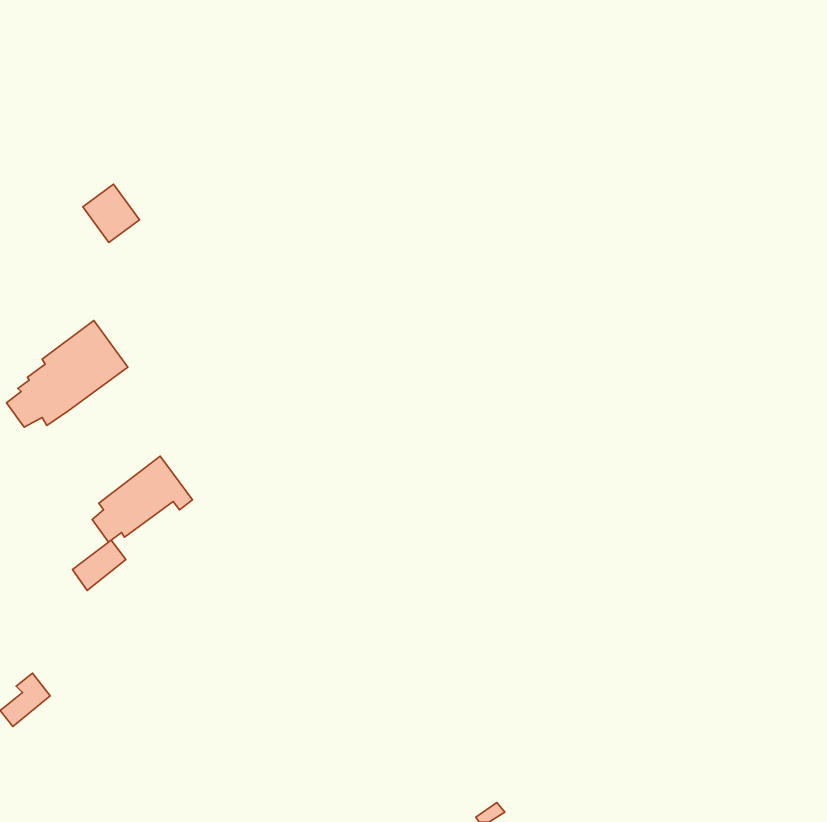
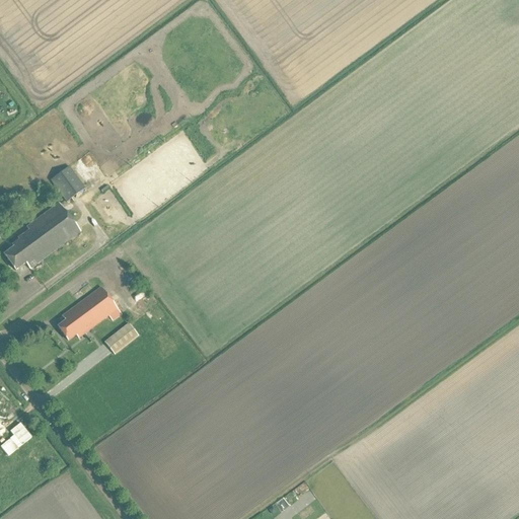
building: [83,184,140,242] -> [50,164,85,201]
building: [72,540,126,590] -> [104,322,138,354]

